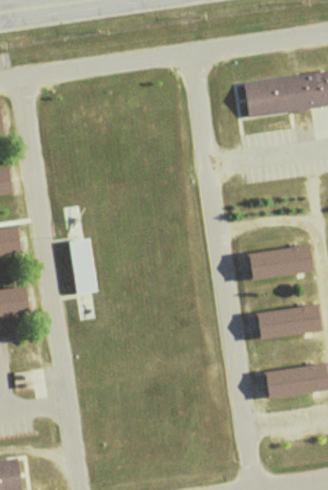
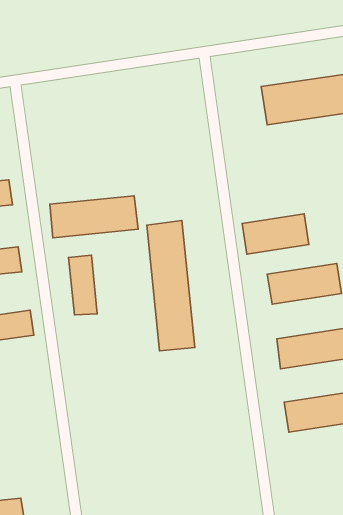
building: none -> [50,196,138,238]
building: none -> [242,214,309,254]
building: none -> [147,221,195,351]

